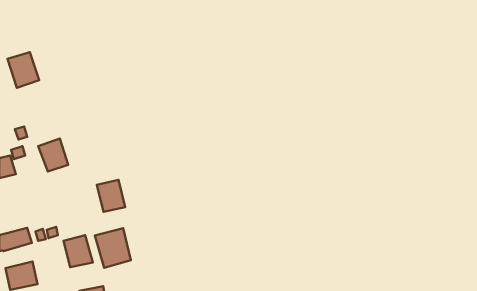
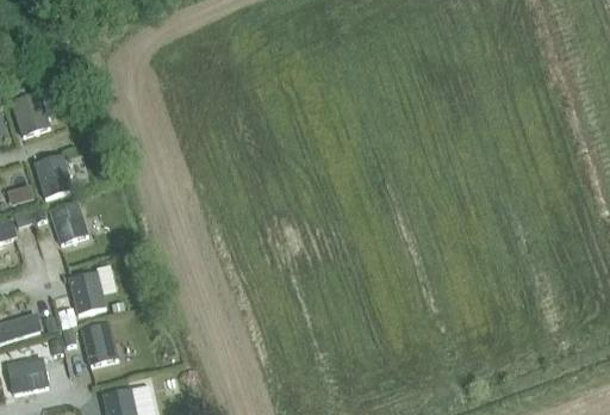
building: none -> [32,153,71,197]
building: [97,180,125,212] -> [69,271,105,311]
building: [95,228,131,268] -> none

